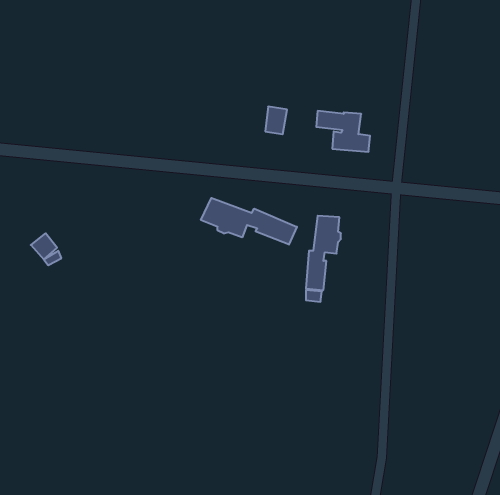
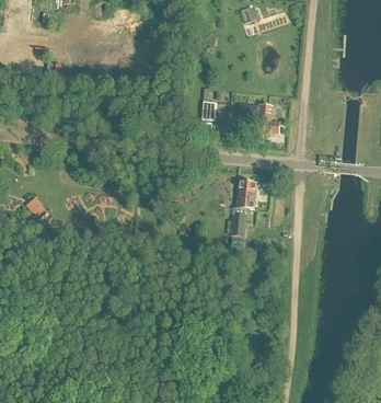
building: [201,198,297,245] -> none

